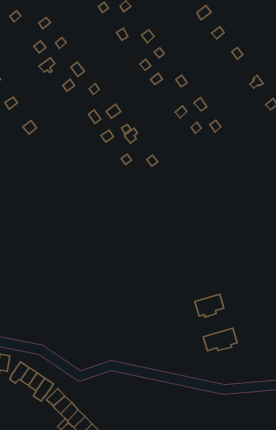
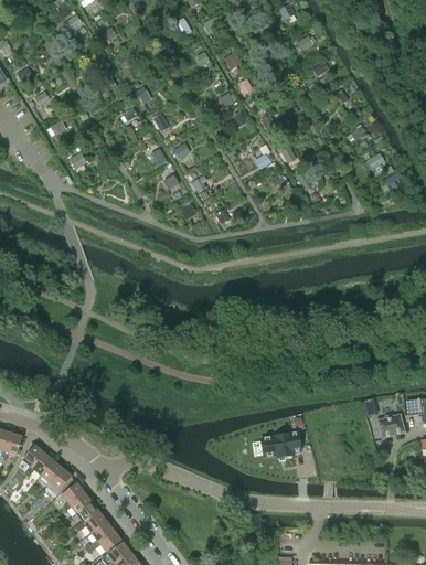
building: [195,294,224,317] -> none

